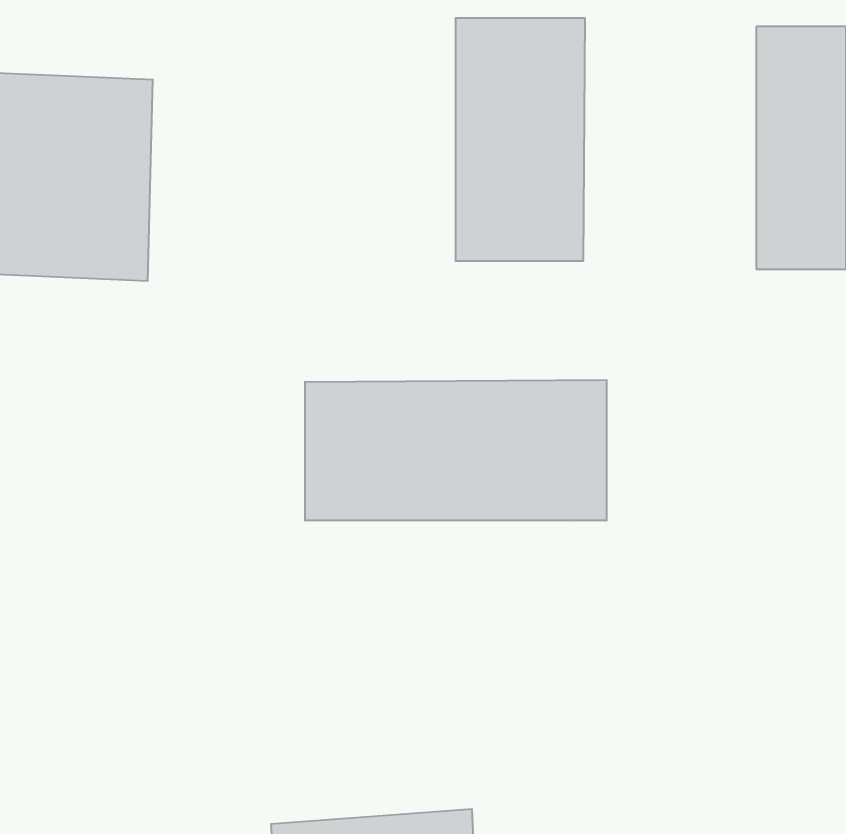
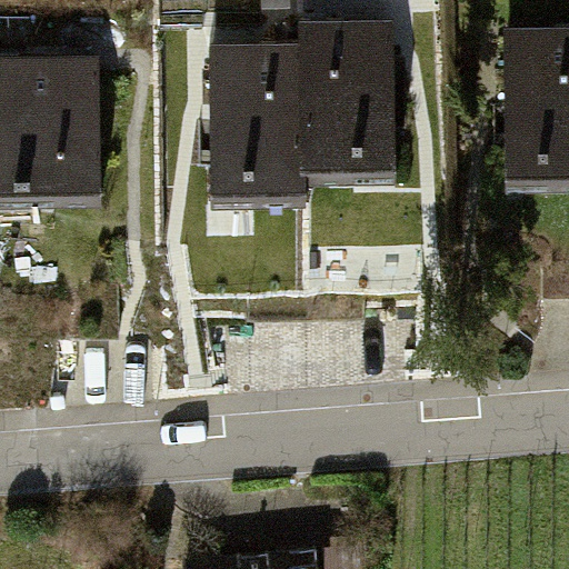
building: none -> [216,42,305,200]
building: [305,380,607,521] -> none

